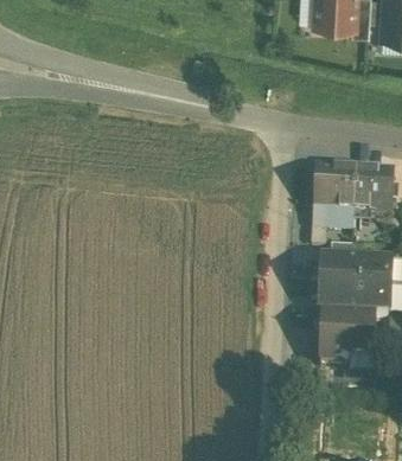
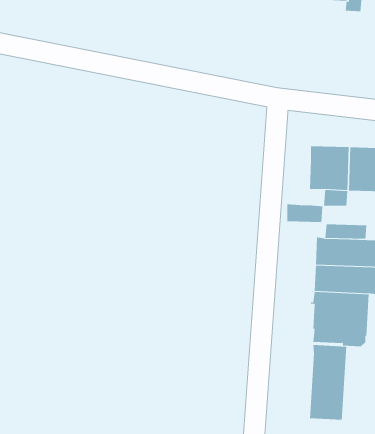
building: none -> [310,344,347,421]

